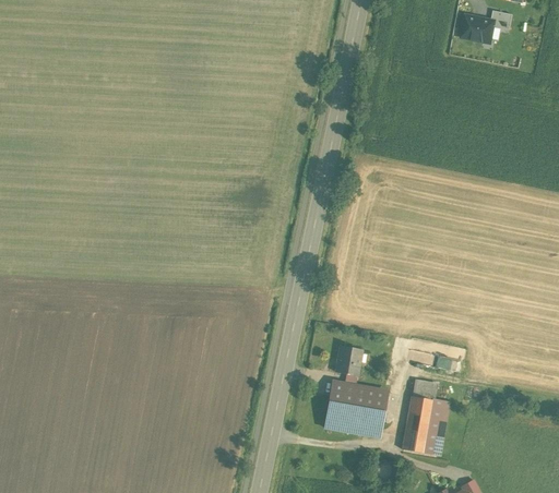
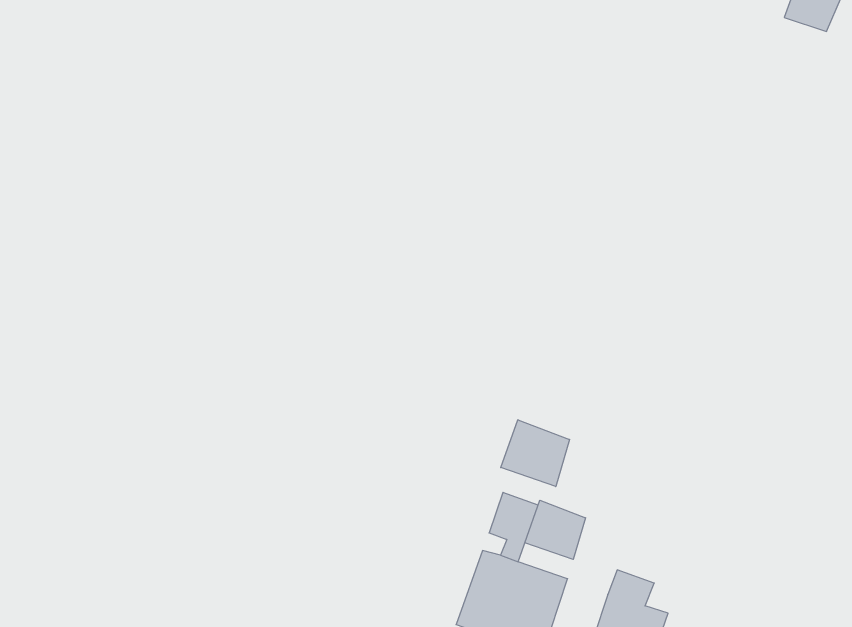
building: none -> [501,420,570,487]
building: none -> [525,500,586,559]

